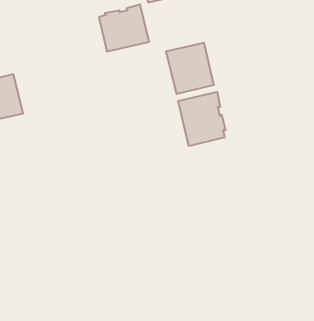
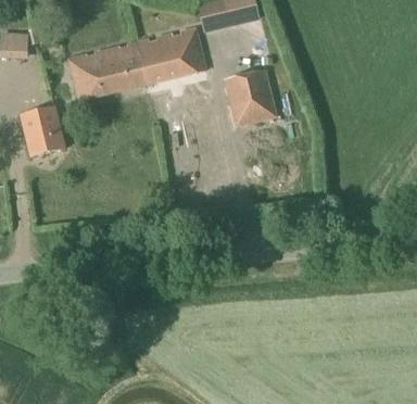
building: none -> [71,40,157,98]
building: [178,92,225,146] -> none

